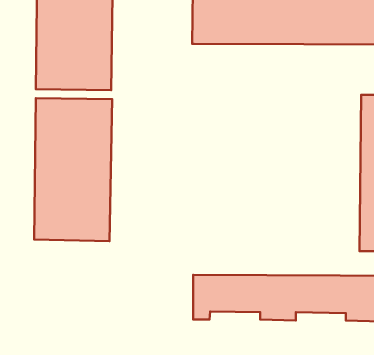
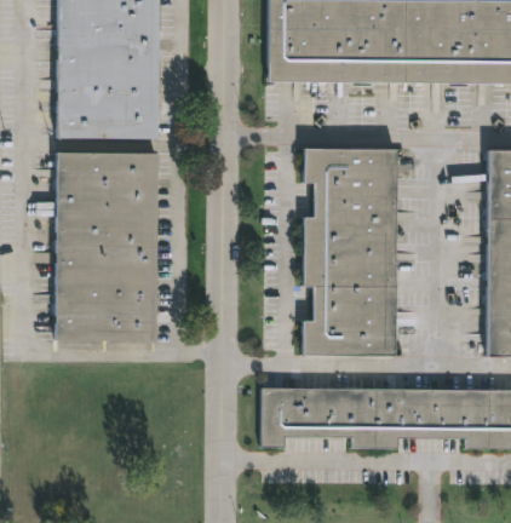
building: none -> [302,148,396,357]

